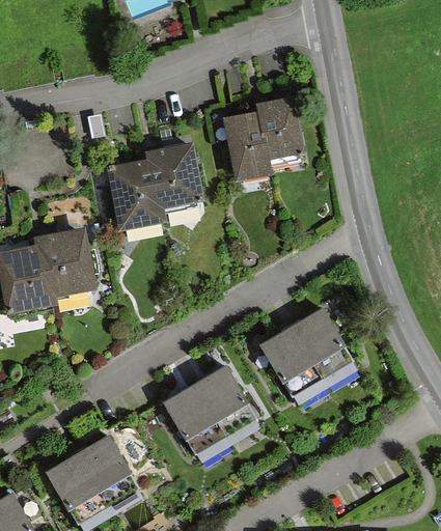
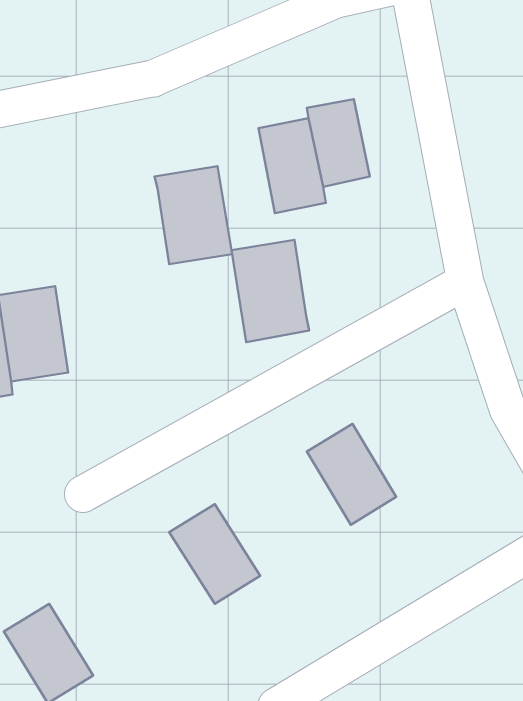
building: [108,160,163,232] -> [232,240,309,342]
building: [291,307,354,379] -> none
building: [193,364,257,435] -> none
building: [76,435,139,505] -> none

